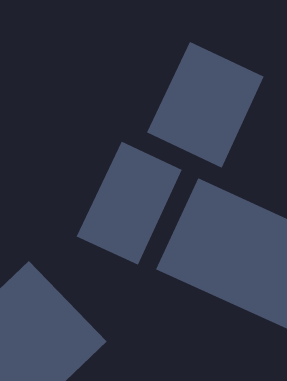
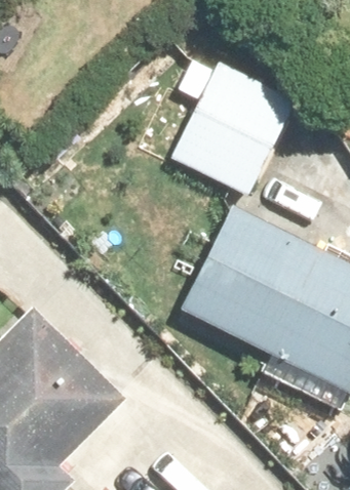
building: [76,141,182,265] -> none

